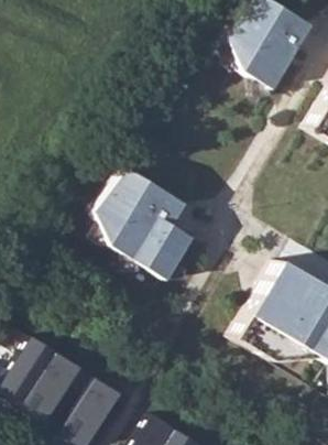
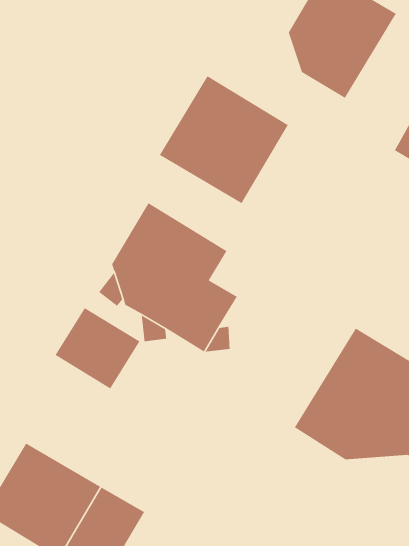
building: none -> [159,75,289,204]
building: none -> [54,307,141,389]

